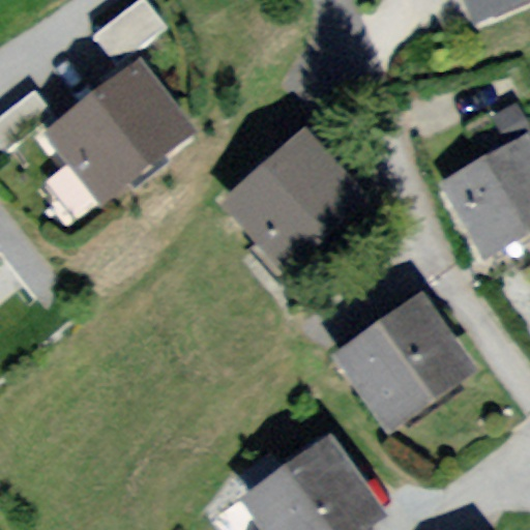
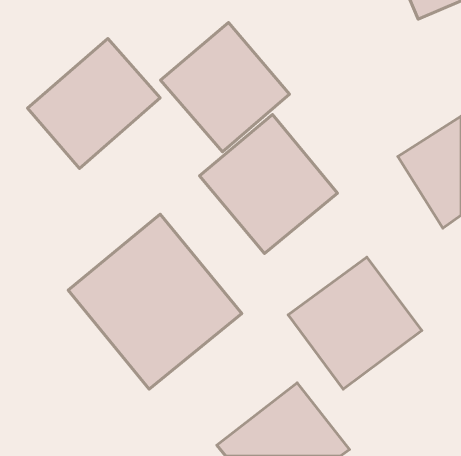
building: none -> [161,22,290,152]
building: none -> [68,214,242,389]

